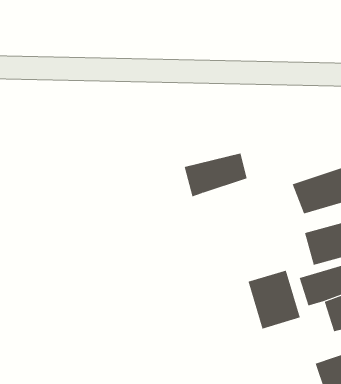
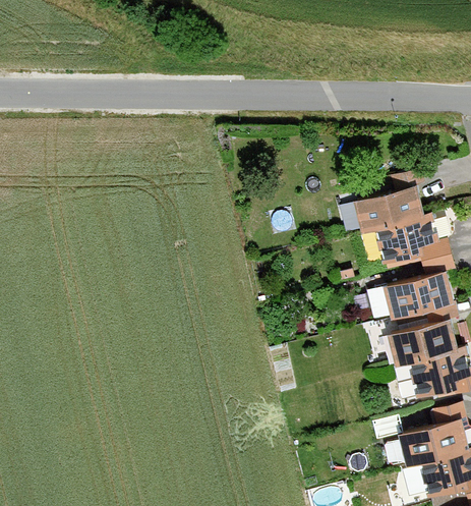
building: [184,153,247,197] -> [349,185,422,236]
building: [248,270,300,329] -> none

